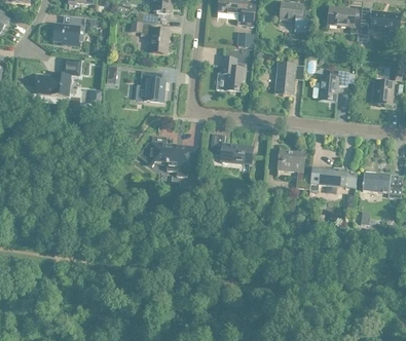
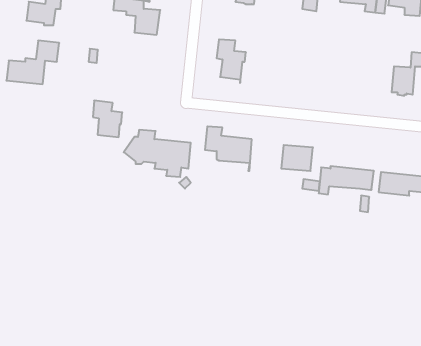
building: [274,62,304,94] -> none
building: [312,69,348,100] -> none
building: [140,70,165,102] -> [93,101,122,137]

